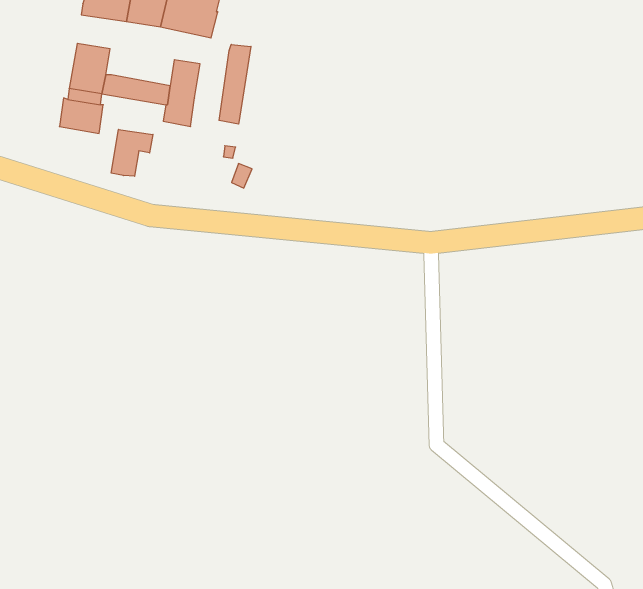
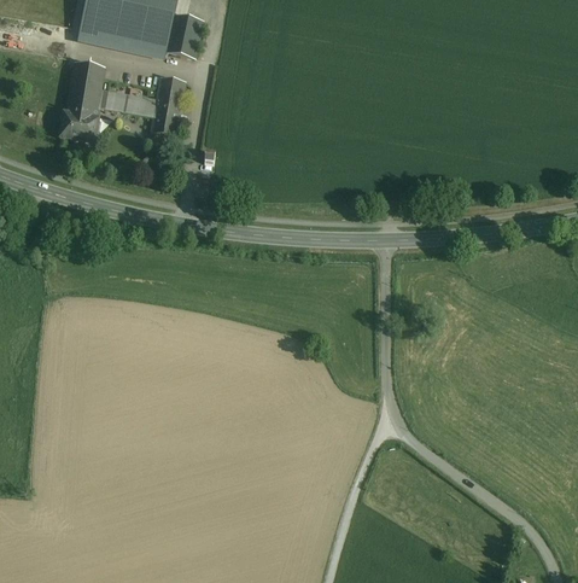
building: [219,44,251,124] -> none
building: [111,129,153,176] -> none

